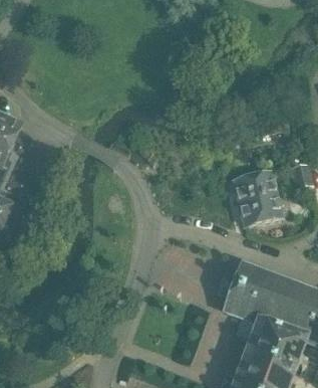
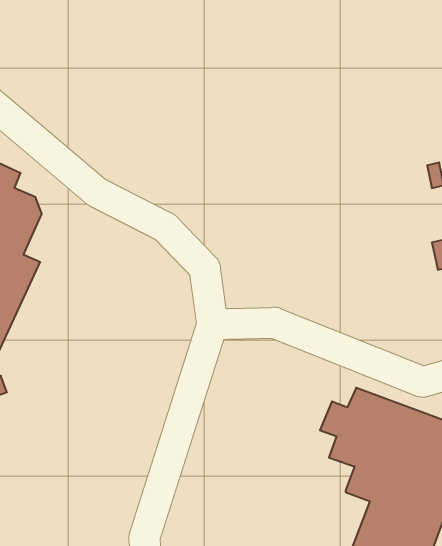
building: [234,171,280,223] -> none

